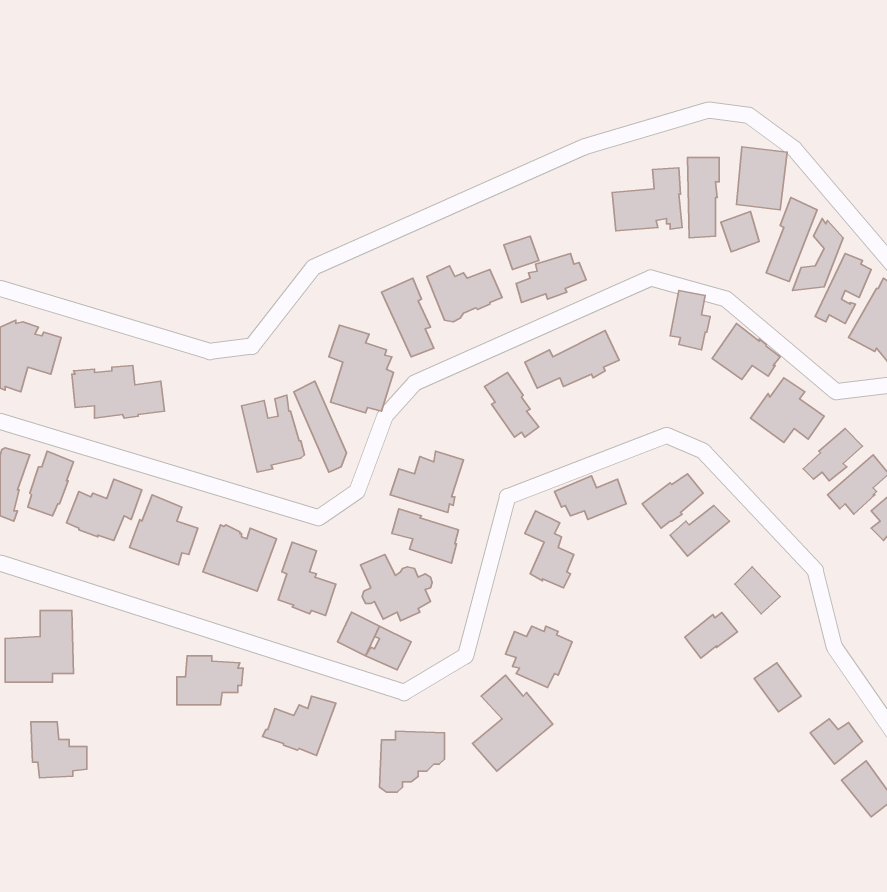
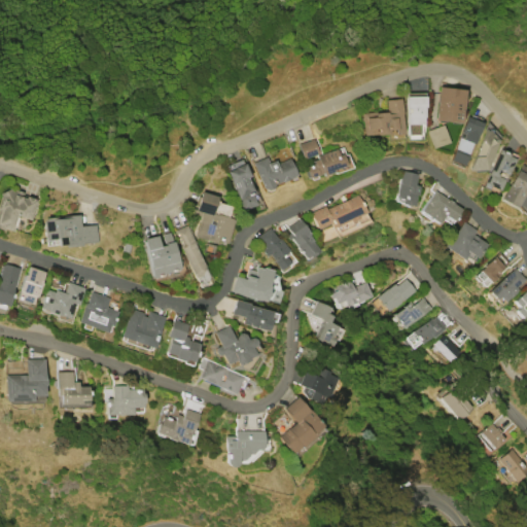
building: none -> [260,230,292,271]
building: [685,613,737,658] -> [417,318,448,345]
building: [31,722,87,778] -> [59,373,92,406]

